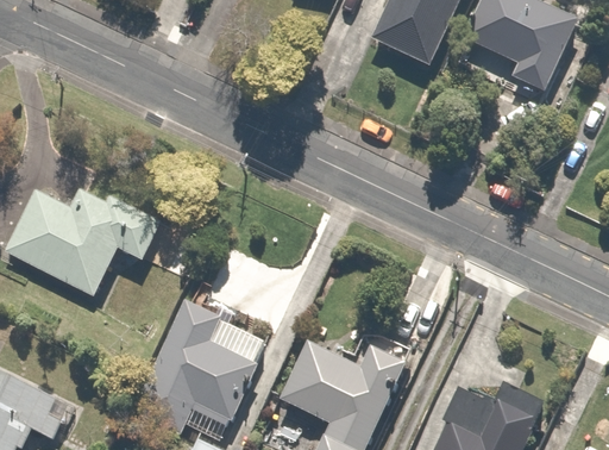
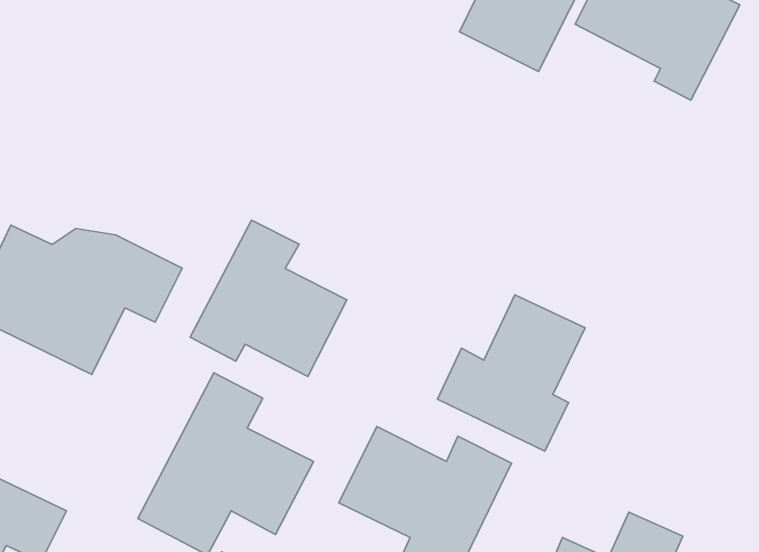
building: none -> [190,220,347,377]
building: none -> [438,295,585,451]

